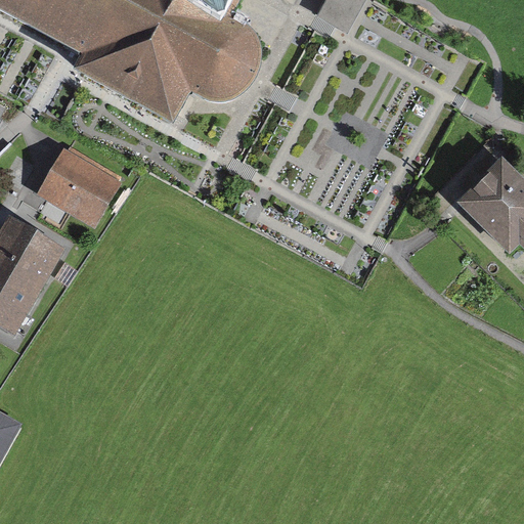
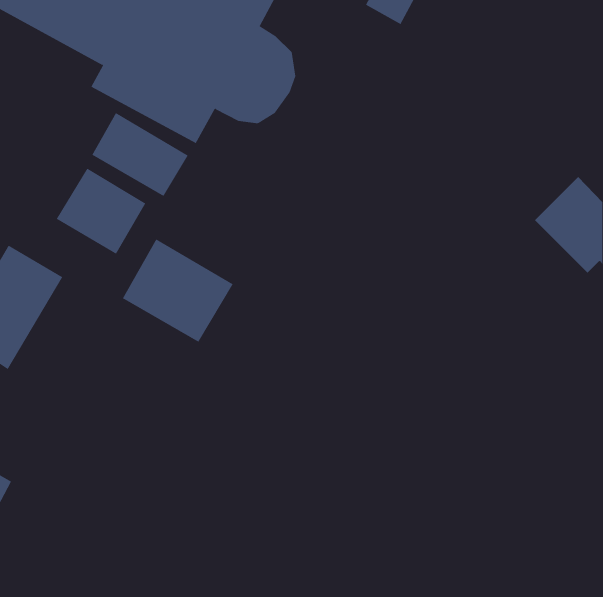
building: none -> [92,112,189,197]
building: none -> [122,238,233,343]

